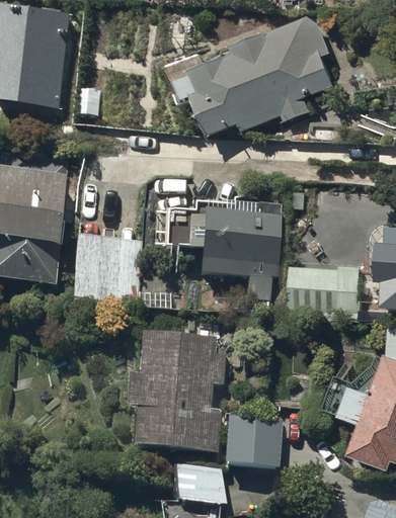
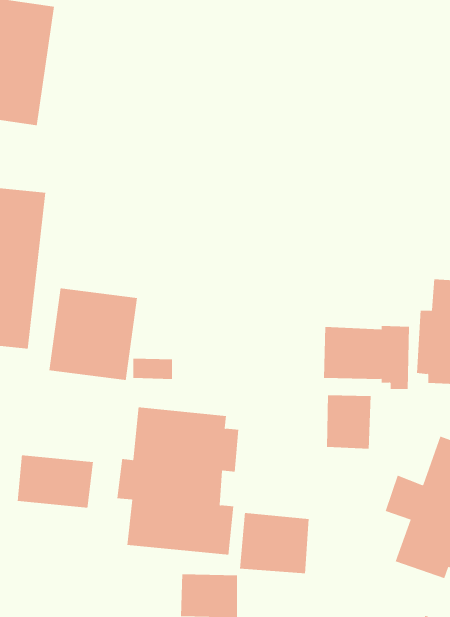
building: [195,17,335,131] -> none
building: [165,200,281,301] -> none
building: none -> [326,394,371,449]
building: none -> [17,455,93,509]

